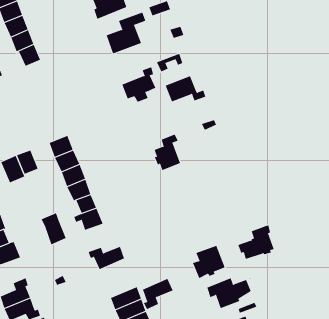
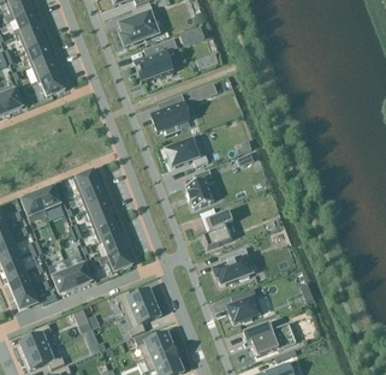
building: [165,75,206,102] -> [165,138,209,167]
building: none -> [203,210,233,248]
building: none -> [49,260,76,293]
building: [237,225,274,259] -> [213,246,253,284]
building: [142,278,173,310] -> [127,302,161,335]

